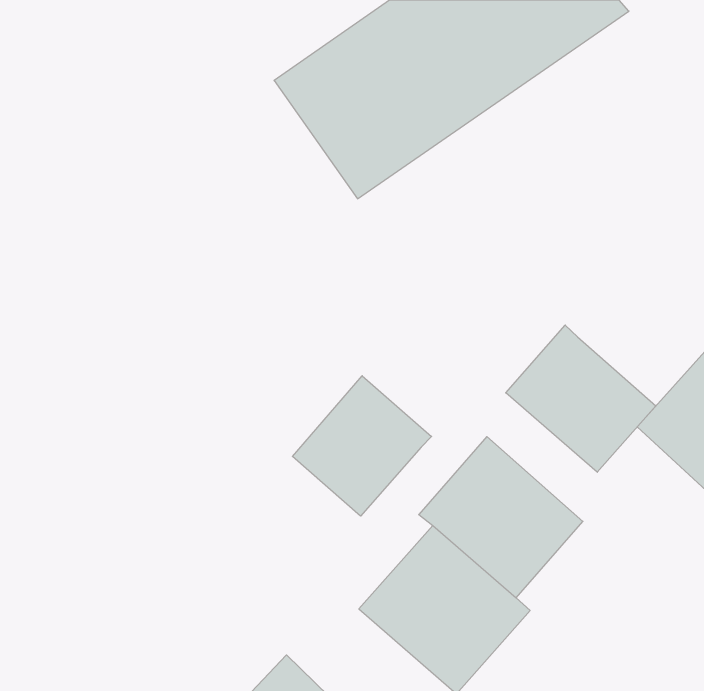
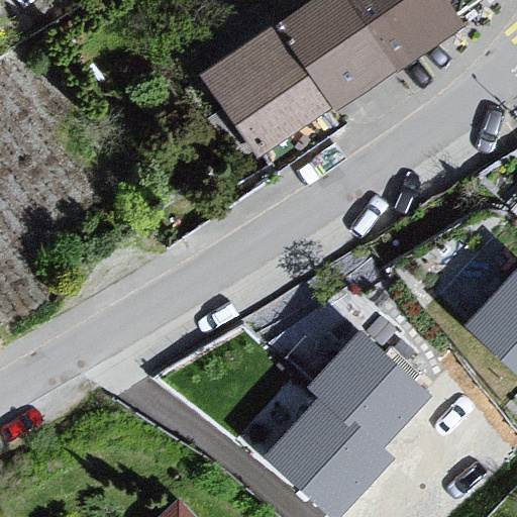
building: [506,325,656,472] -> none
building: [292,376,432,516] -> none

